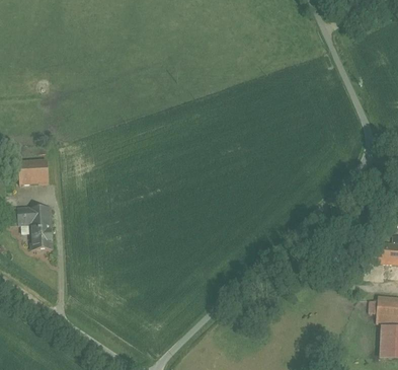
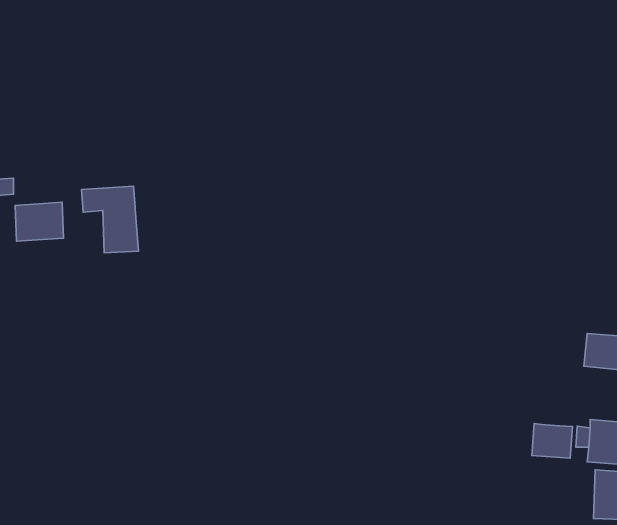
building: [16,208,52,249] -> [82,186,138,253]
building: none -> [532,424,573,458]

